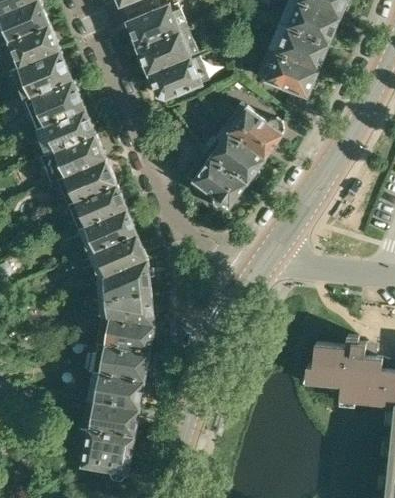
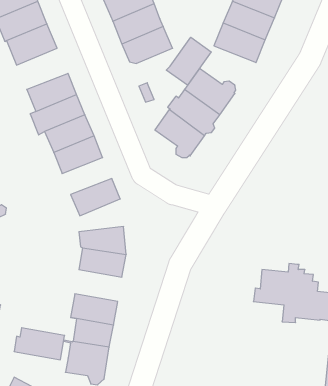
building: none -> [166,37,211,85]
building: [23,79,84,128] -> none
building: [77,209,136,253] -> none
building: [96,258,150,297] -> none
building: [88,342,148,380] -> [14,328,65,360]

